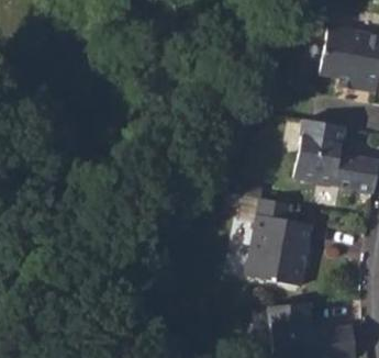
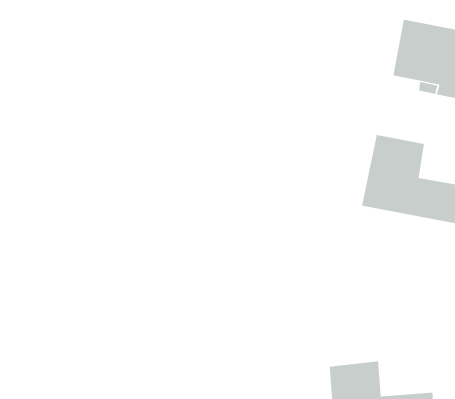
building: [247,199,312,288] -> none

